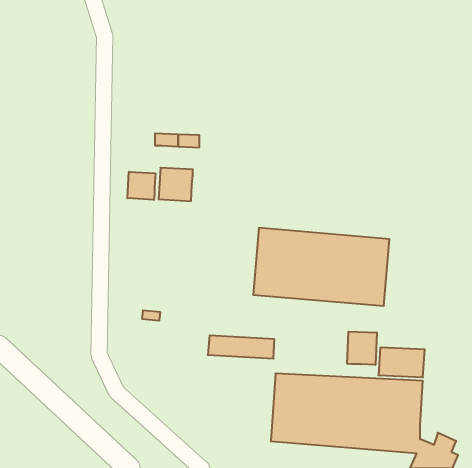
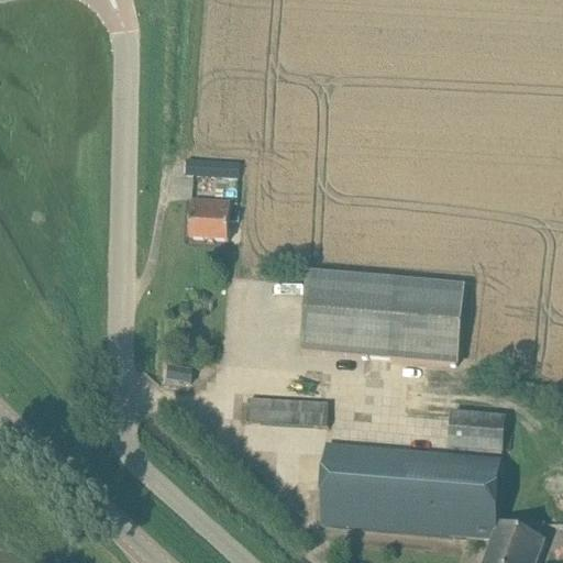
building: [127,172,155,200] -> none
building: [347,332,377,365] -> none

